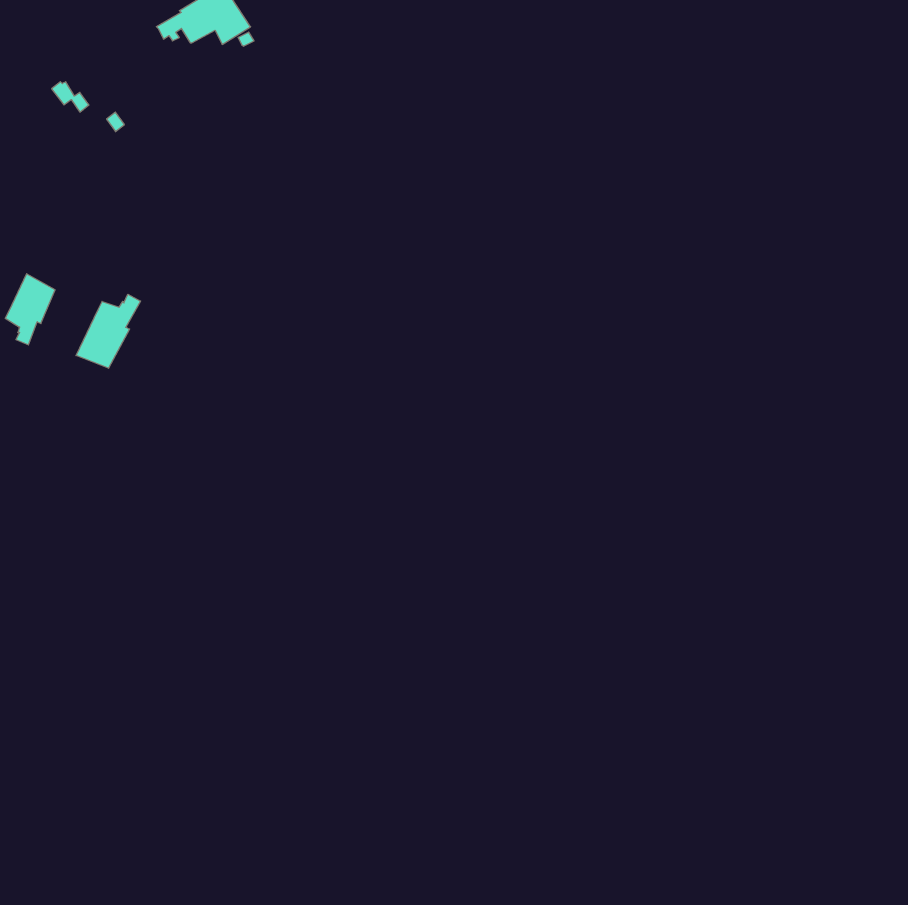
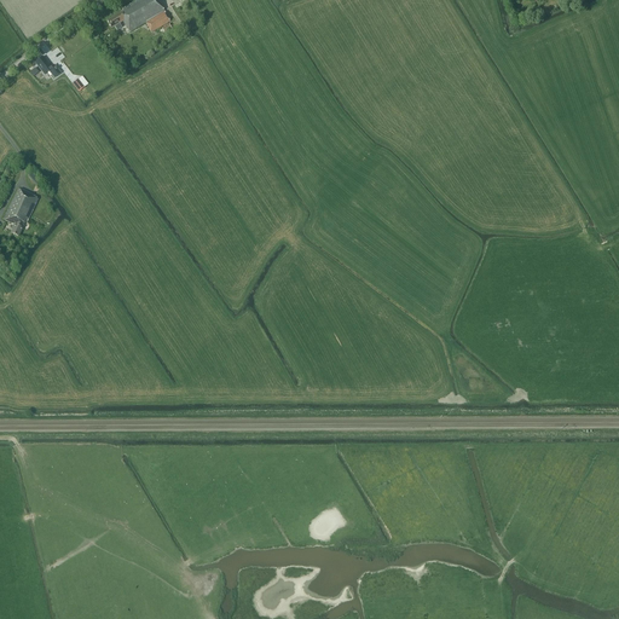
building: [76,294,141,368] -> none

